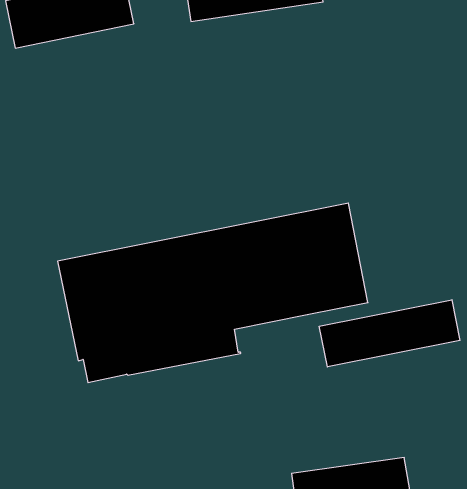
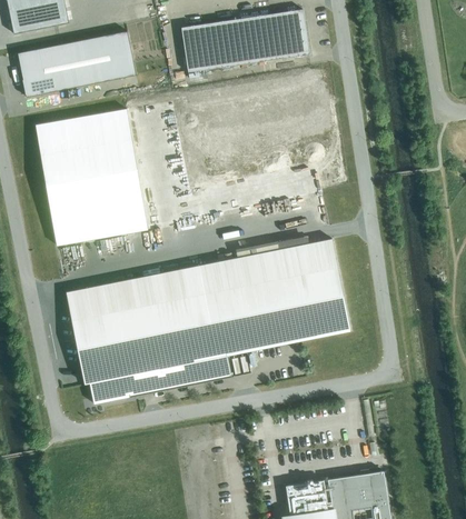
building: none -> [34,109,147,246]
building: [319,300,460,367] -> none

